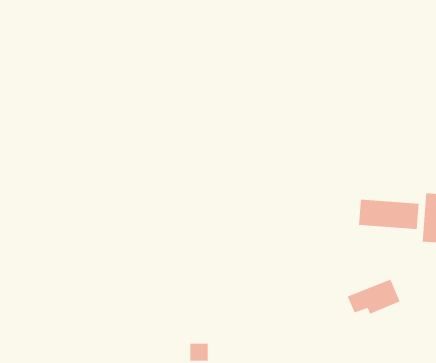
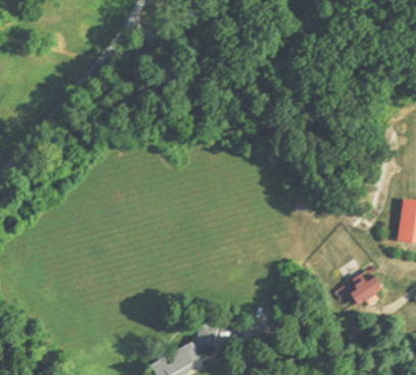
building: [358,199,419,230] -> none

